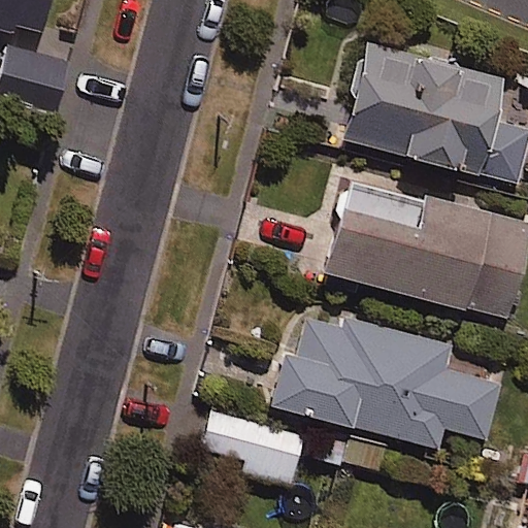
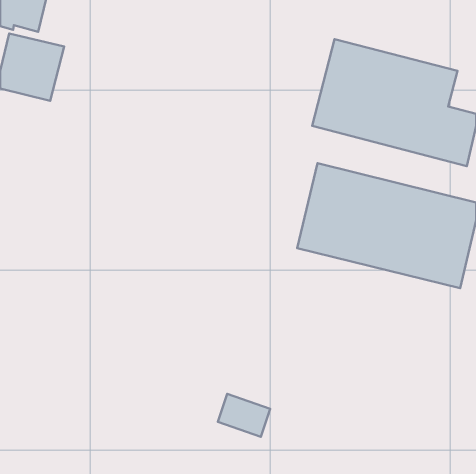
building: [272,311,500,449] -> none

